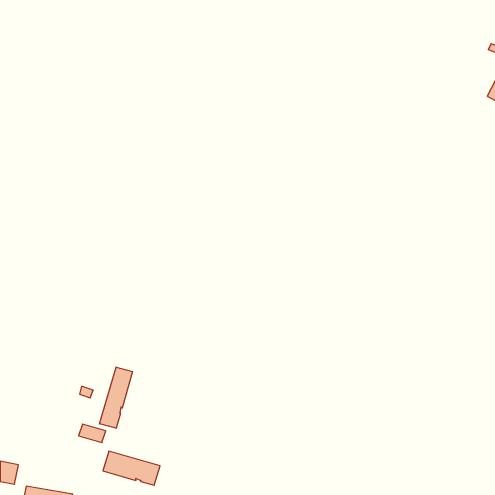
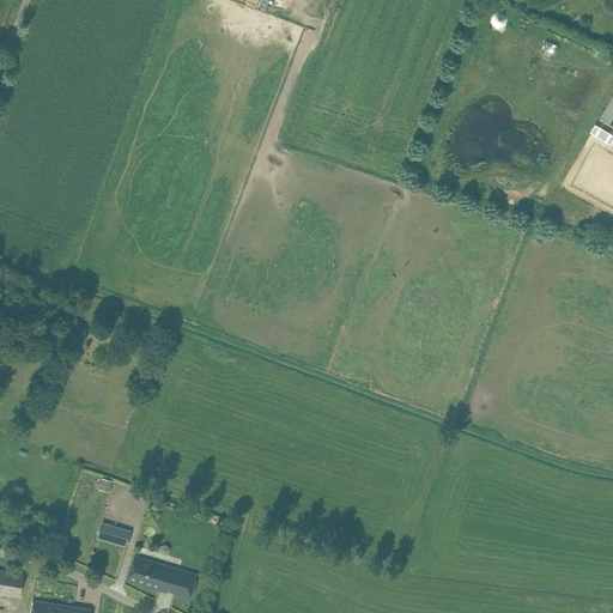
building: [99,367,133,428] -> none

